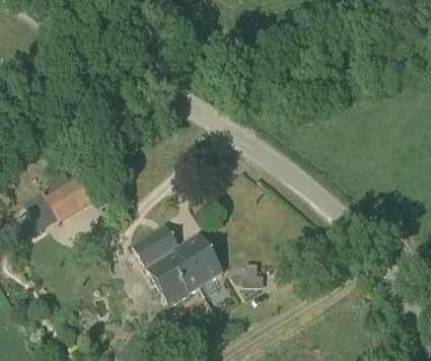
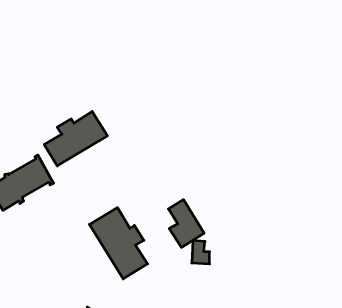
building: none -> [44,111,107,166]
building: [184,237,222,289] -> [168,200,204,247]

